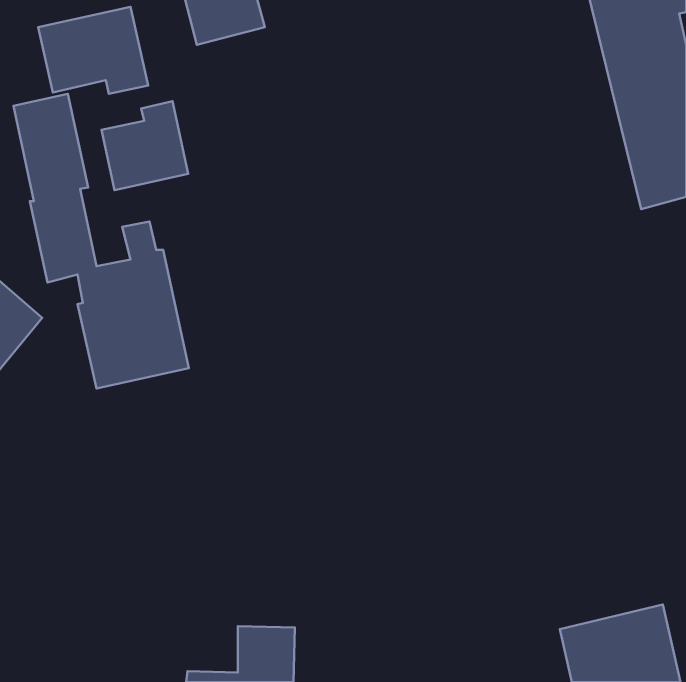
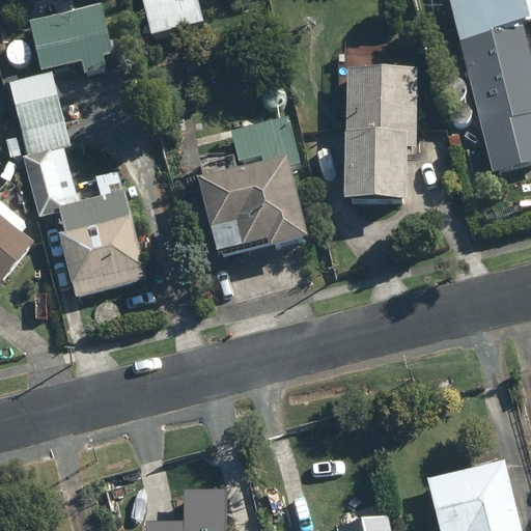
building: none -> [344,69,416,206]
building: [102,101,188,190] -> none
building: none -> [201,115,309,253]

